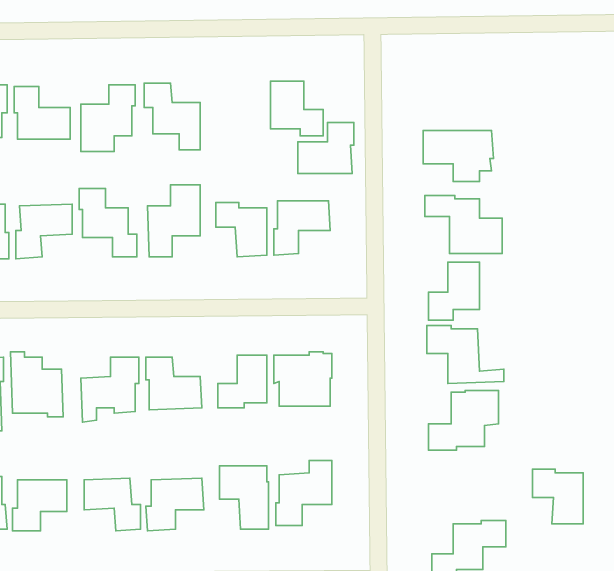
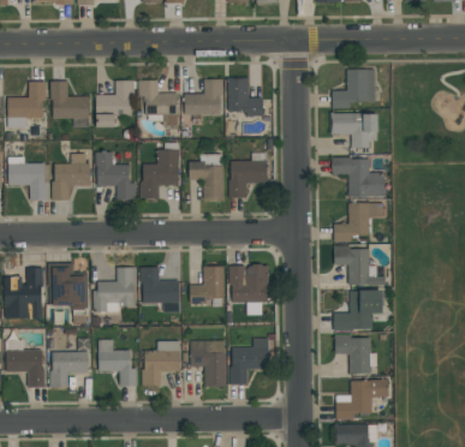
building: none -> [332,68,375,107]
building: [298,122,354,173] -> [184,79,222,114]
building: [532,469,583,524] -> [335,334,370,371]

